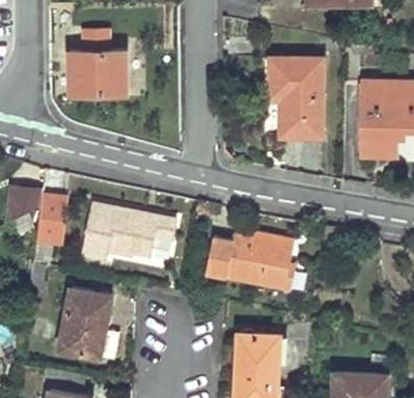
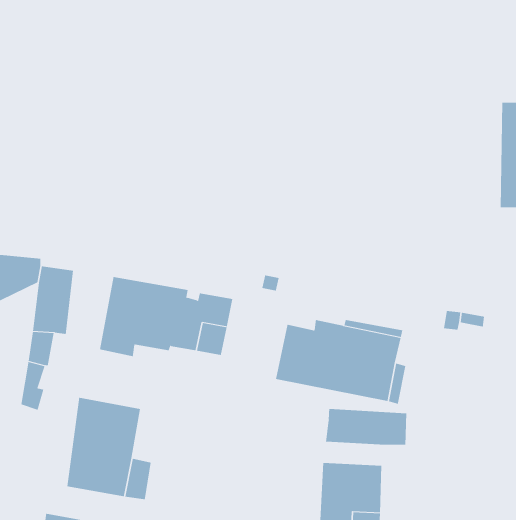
building: [68,31,126,93] -> none
building: [270,58,322,136] -> none
building: none -> [326,408,407,446]

